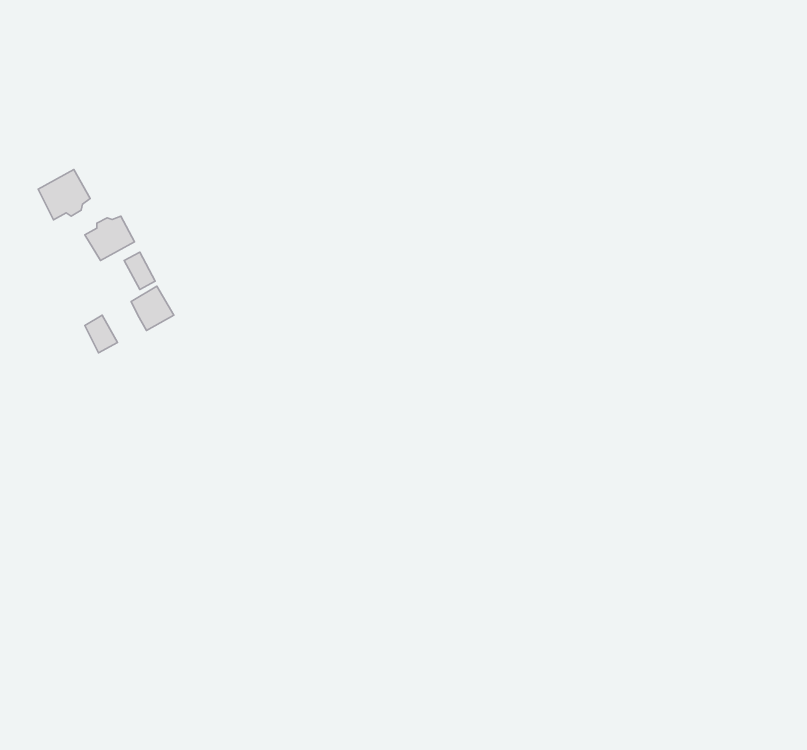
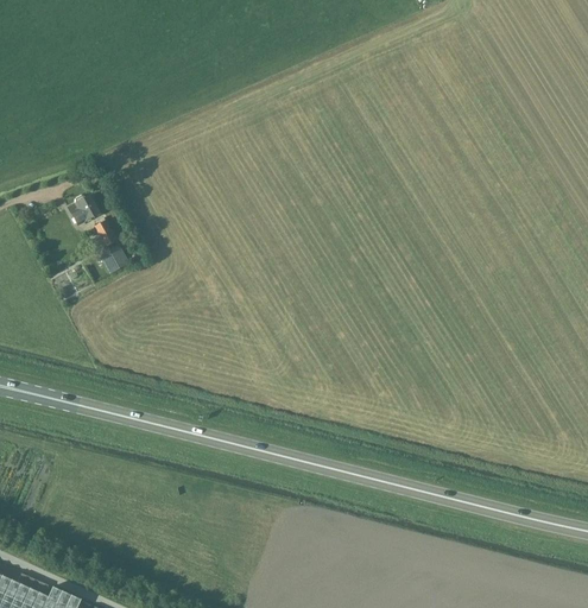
building: [38,170,90,220] -> none

